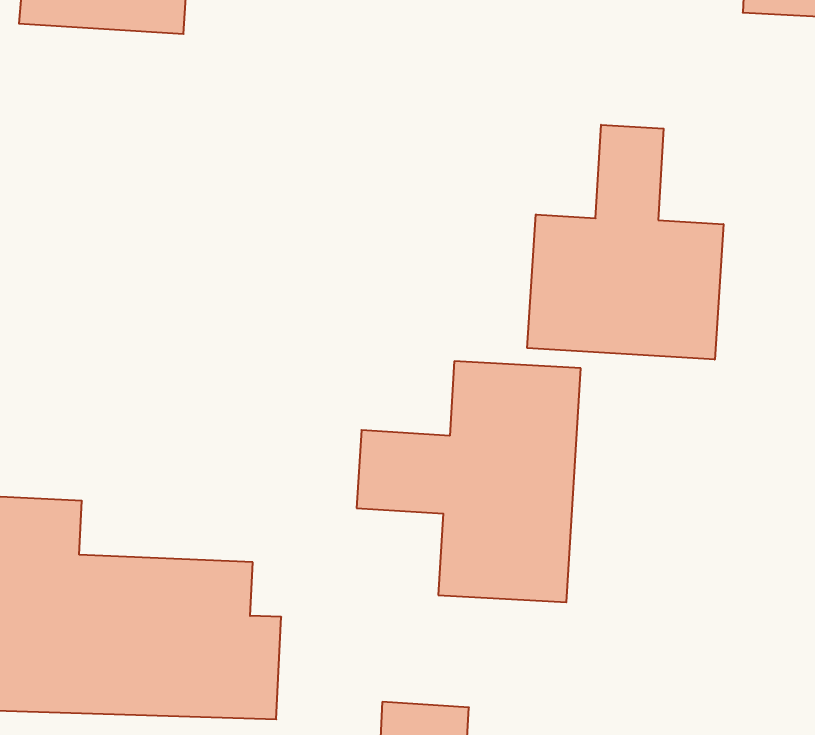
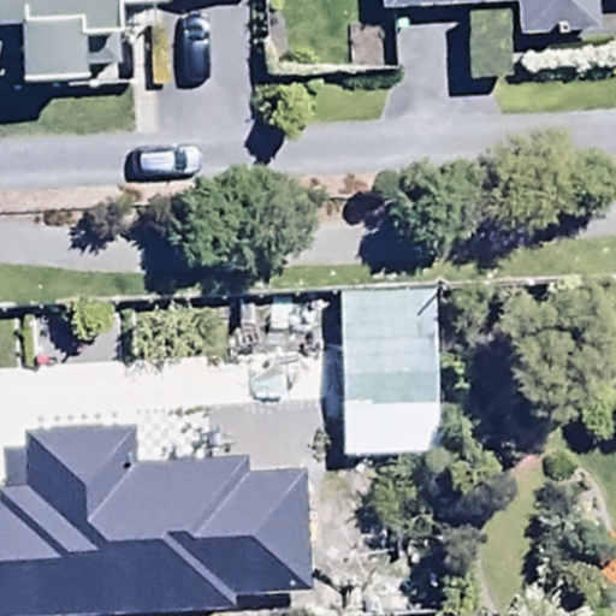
building: [527,125,723,360] -> none

